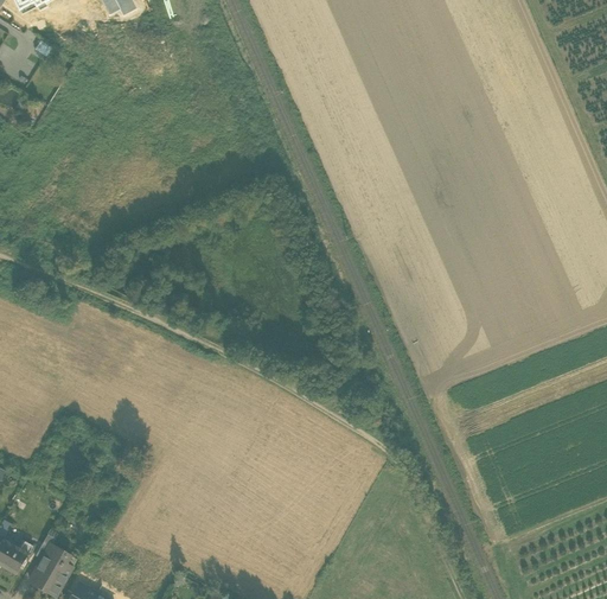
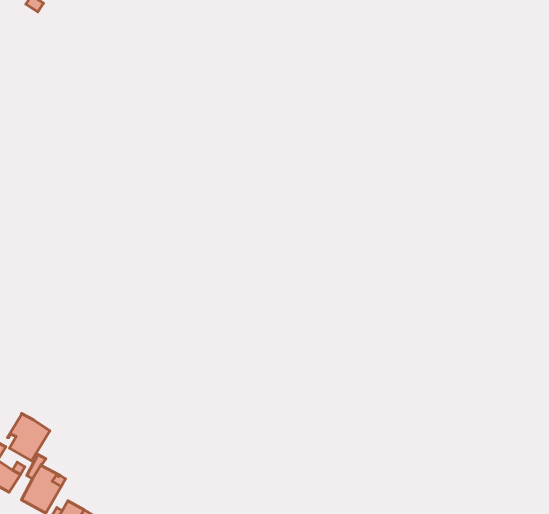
building: none -> [7,413,50,461]

